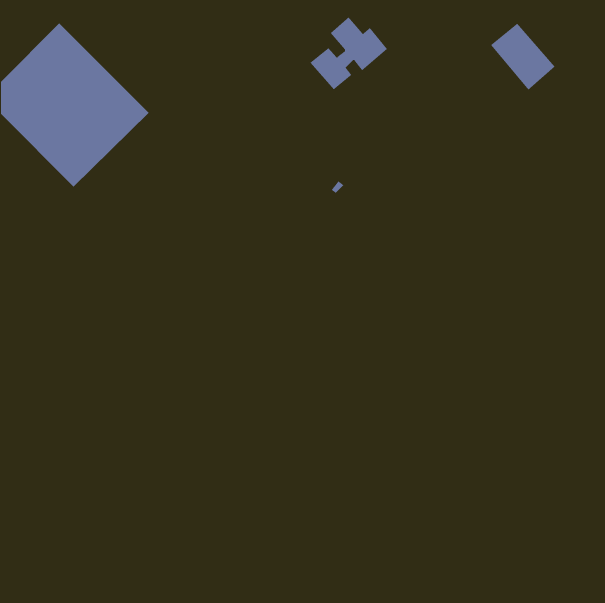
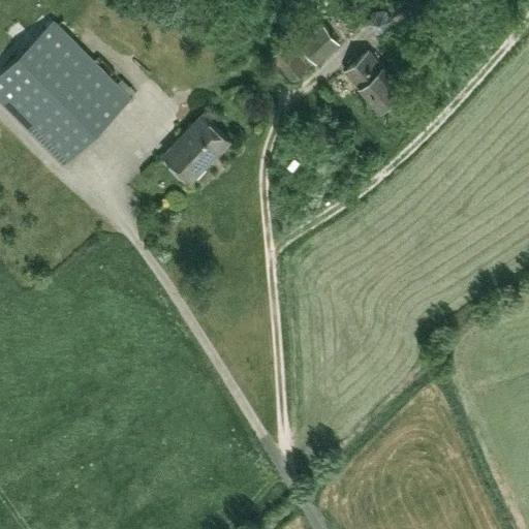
building: [490,23,556,90] -> [345,53,402,112]
building: none -> [164,117,229,182]

